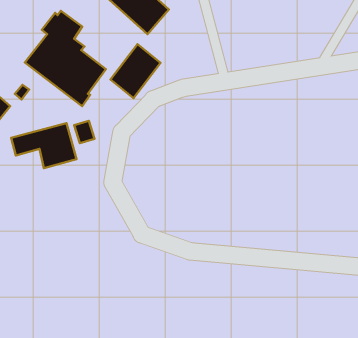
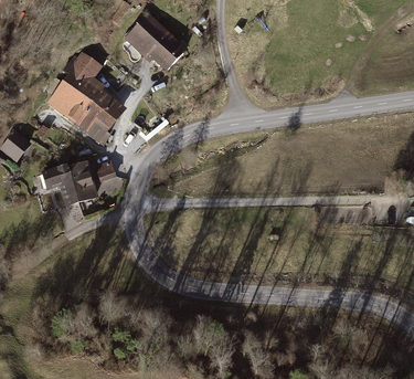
building: [110,44,161,98] -> none

